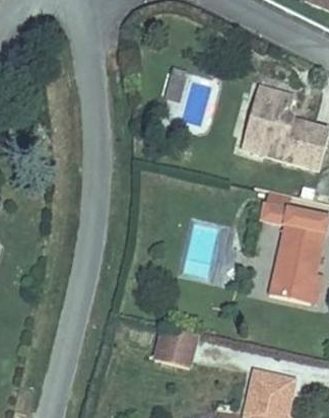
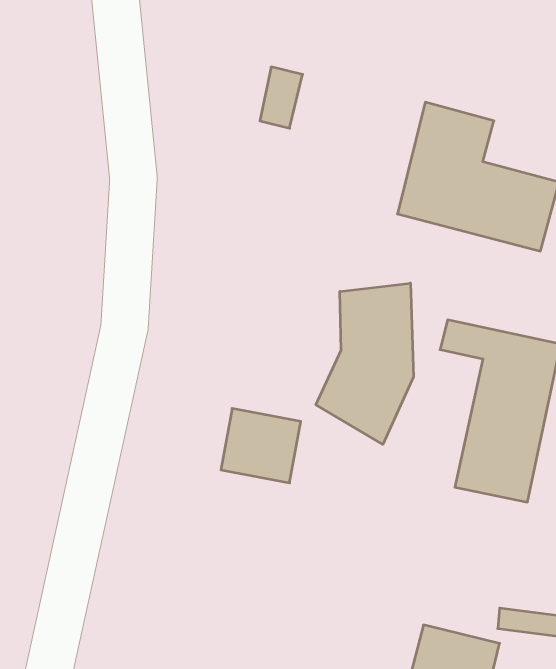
building: none -> [316,283,414,444]
building: [156,326,200,366] -> [221,408,301,483]

